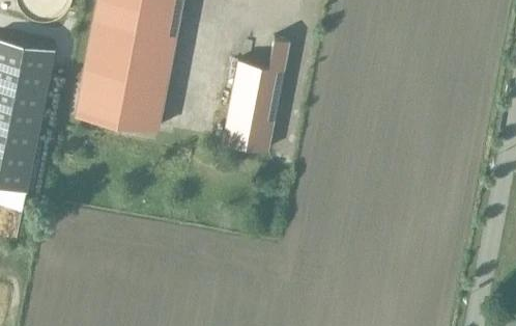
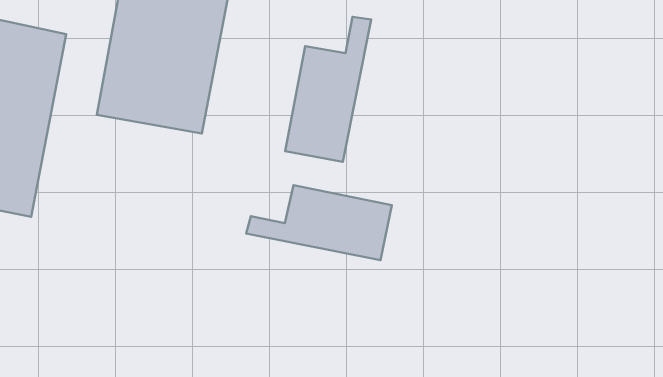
building: none -> [246,185,392,260]

